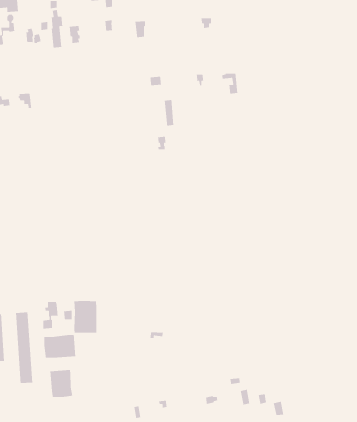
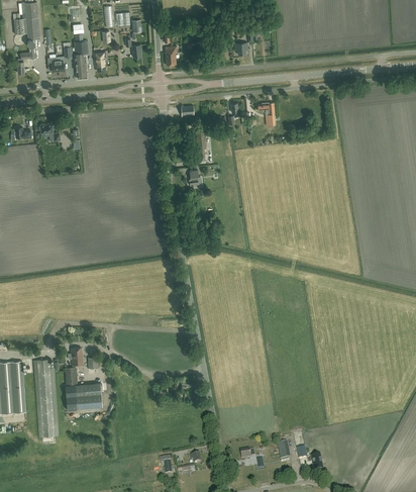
building: [73,300,97,334] -> none
building: [49,369,73,398] -> none

